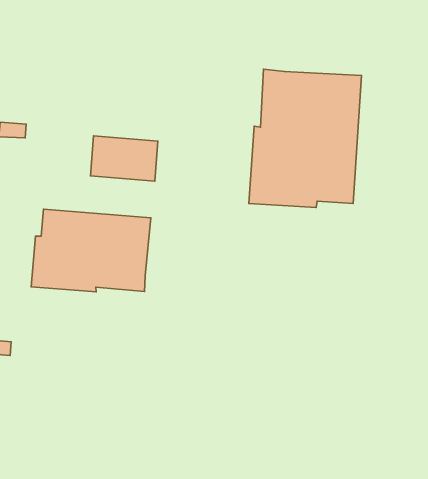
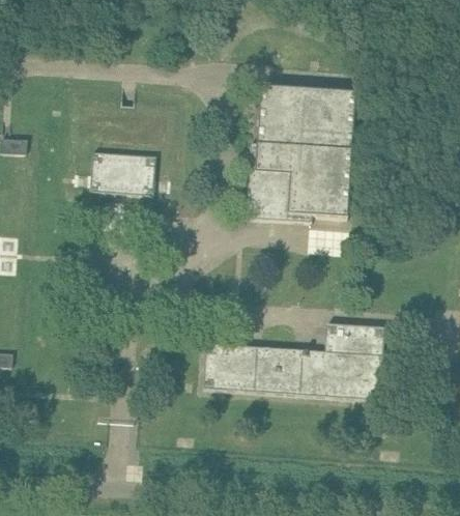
building: [31,209,151,292] -> none
building: none -> [203,322,384,399]

